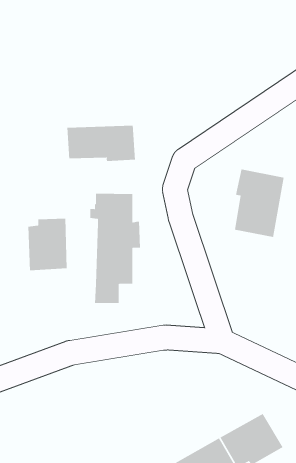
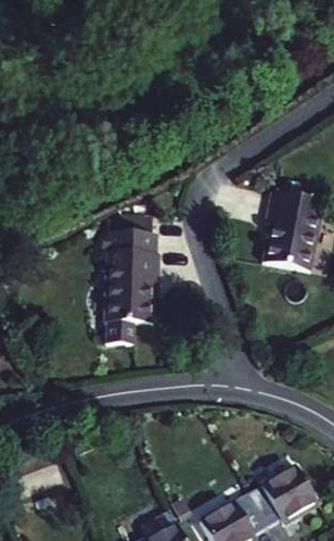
building: [67,125,136,162] -> none
building: [28,218,67,271] -> none

